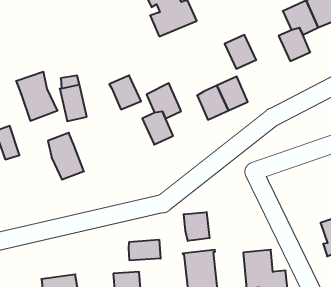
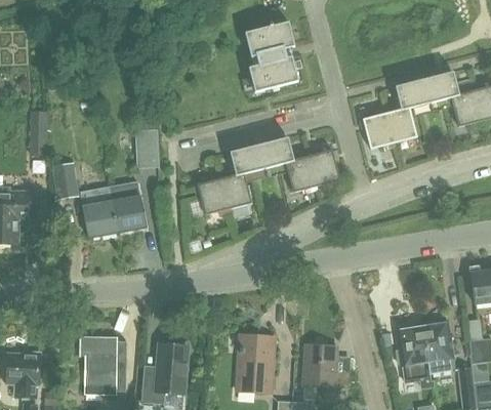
building: [225,35,256,69] -> [361,113,393,149]
building: [16,72,58,121] -> [80,186,120,237]
building: none -> [255,137,292,177]
building: [109,75,141,109] -> [196,178,228,214]
building: [184,212,210,241] -> none
building: [129,240,161,260] -> none

